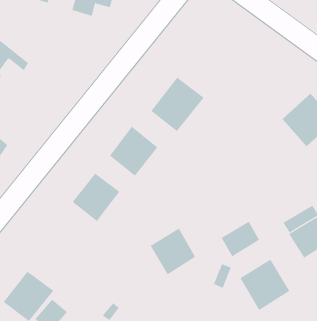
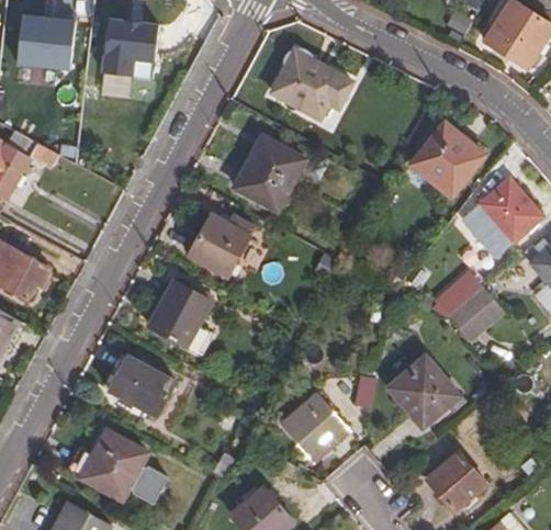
building: none -> [269,52,340,122]
building: none -> [106,356,173,416]
building: [221,221,260,257] -> none
building: [150,228,196,275] -> [285,391,349,456]

